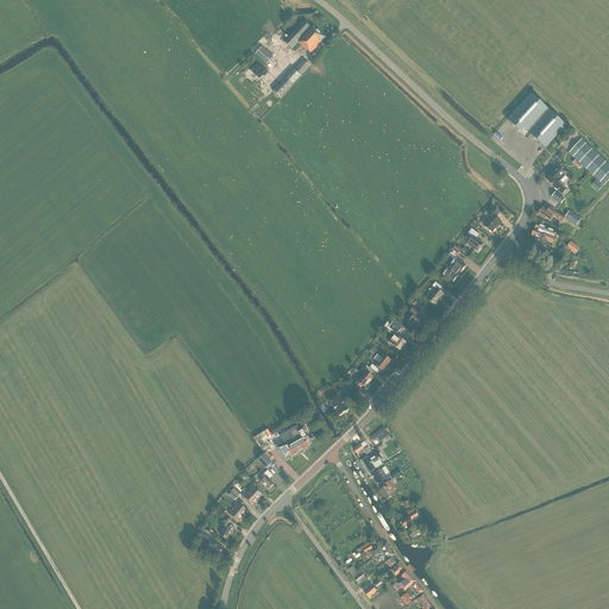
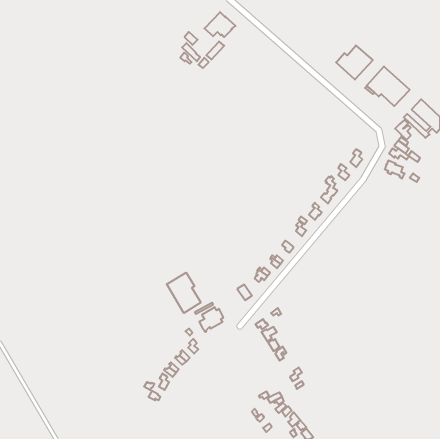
building: none -> [336,45,373,80]
building: none -> [167,273,201,313]

